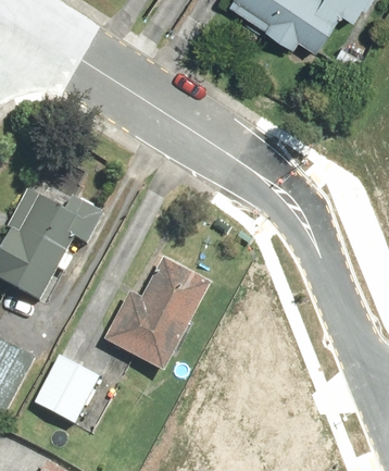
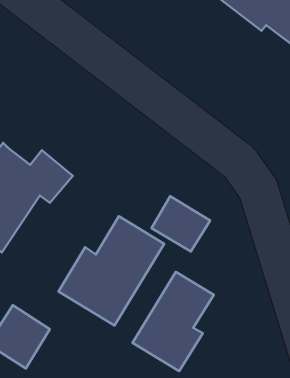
building: none -> [151,196,210,252]
building: none -> [133,272,214,371]

